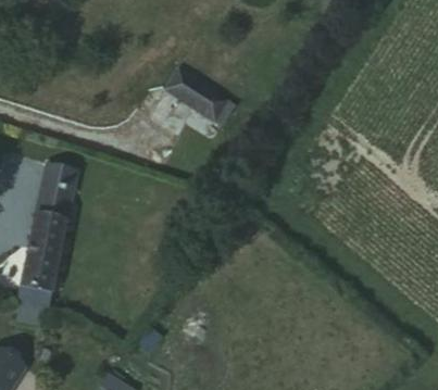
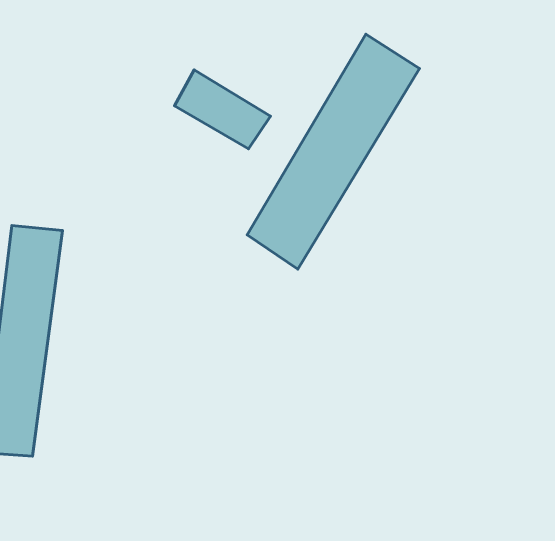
building: none -> [247,34,420,269]

